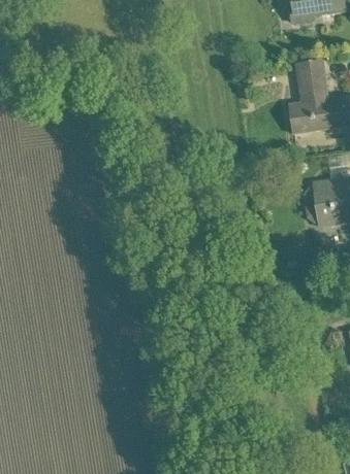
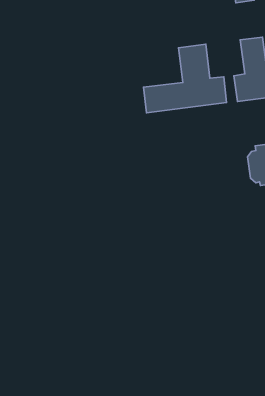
building: none -> [144,44,227,113]

